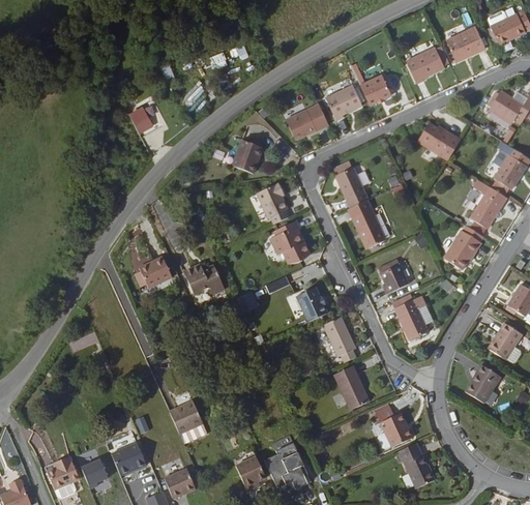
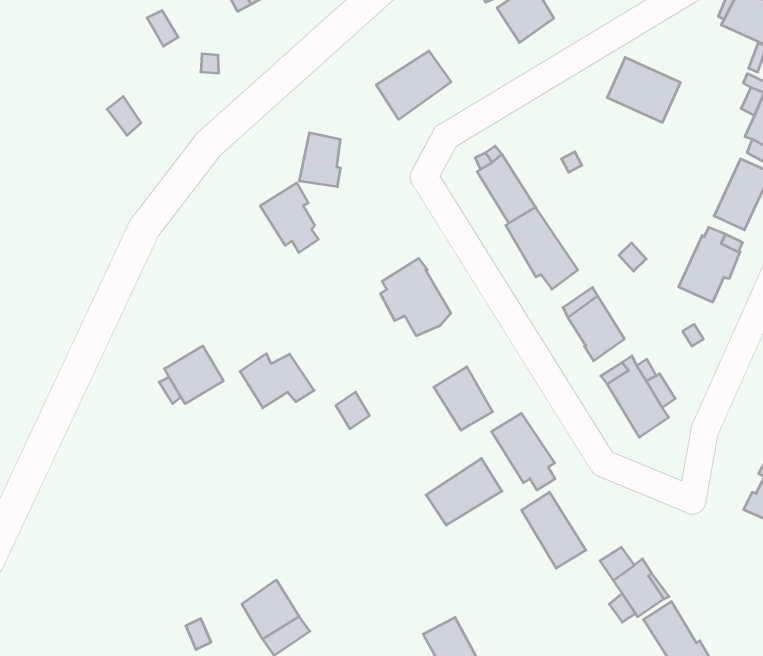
building: [326,83,362,119] -> none
building: [258,183,289,224] -> [260,183,318,253]
building: none -> [426,458,502,525]

